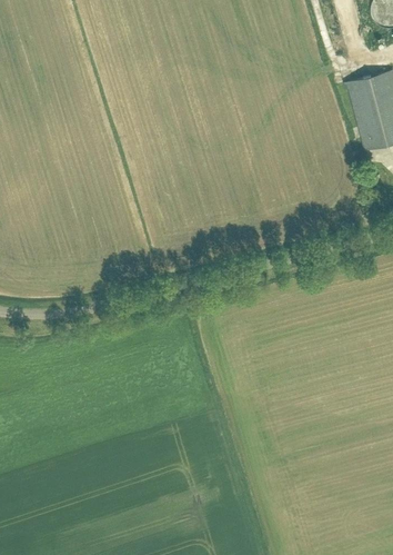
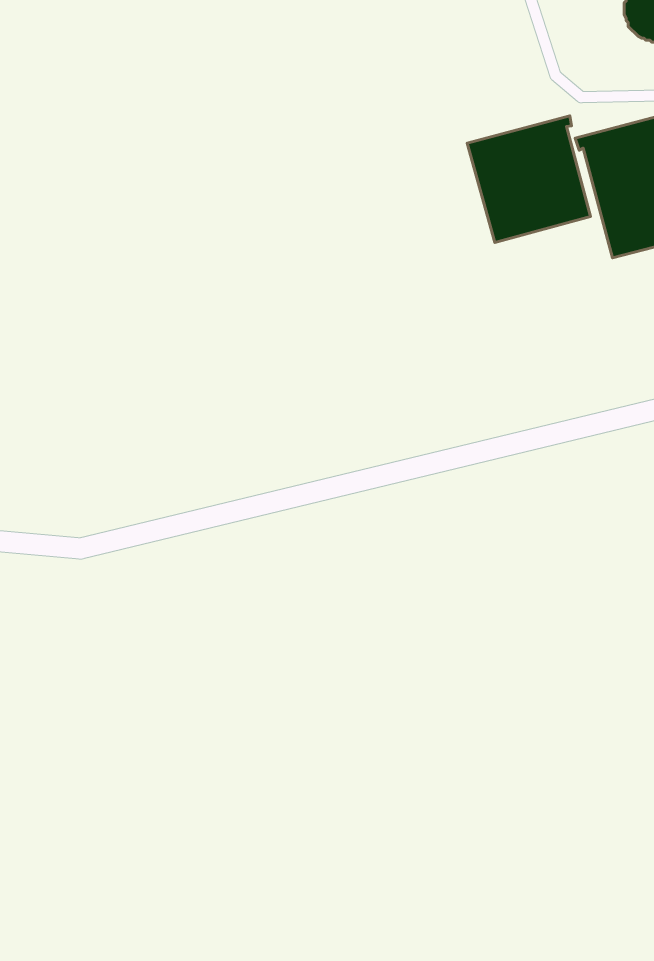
building: none -> [467,116,591,242]

